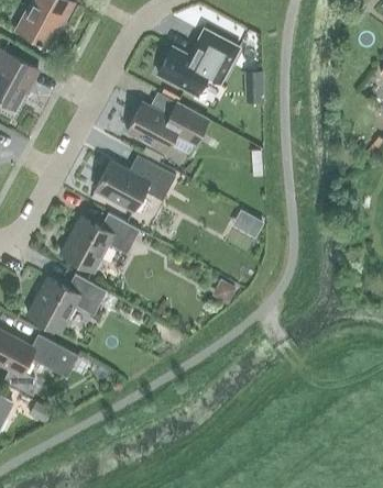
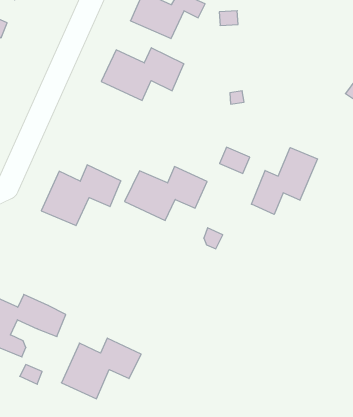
building: [95,159,176,211] -> [125,167,207,220]
building: none -> [251,148,318,214]
building: [28,274,107,332] -> [61,338,141,399]

